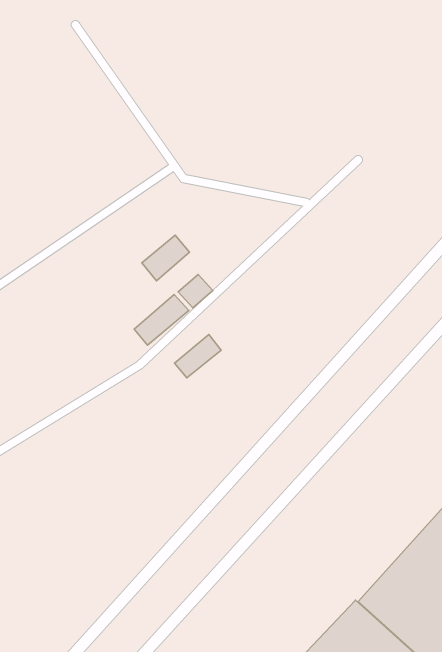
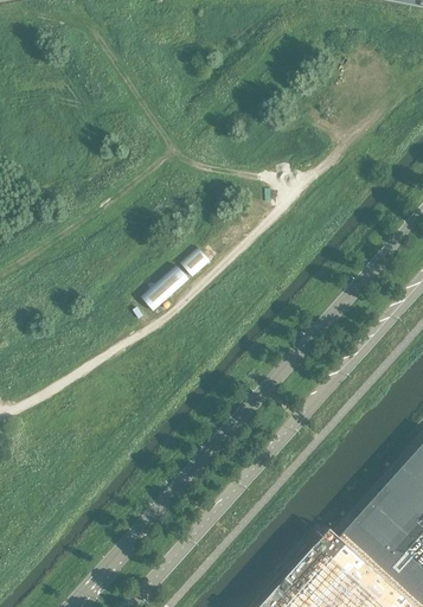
building: [142,235,190,281] -> none
building: [174,334,221,378] -> none

